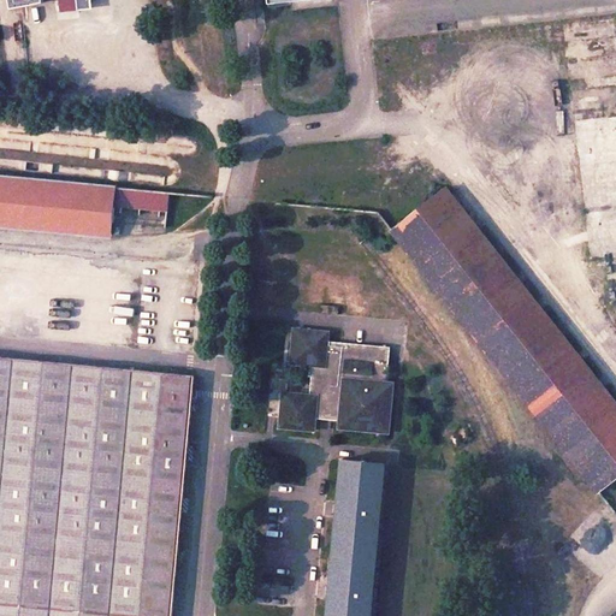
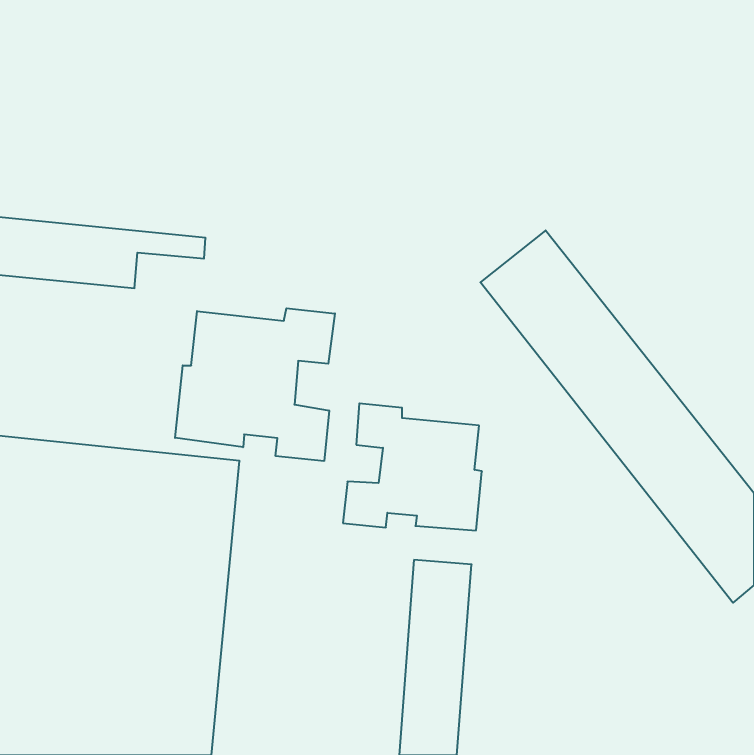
building: none -> [175,308,335,461]

